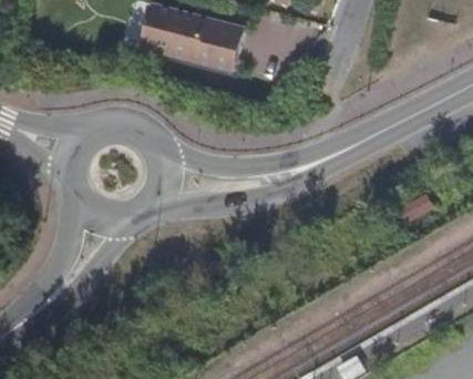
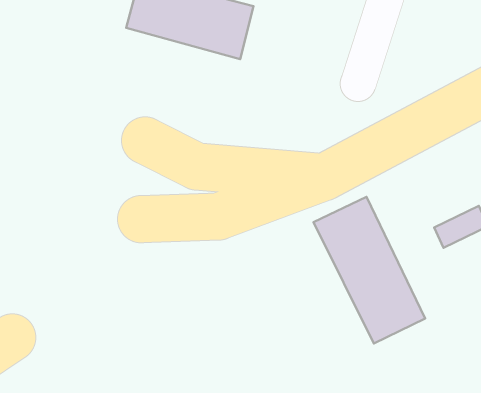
building: none -> [314,197,425,343]

